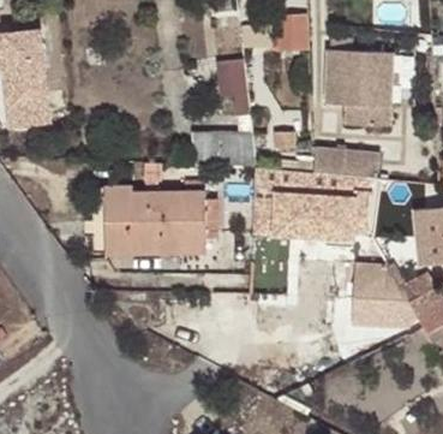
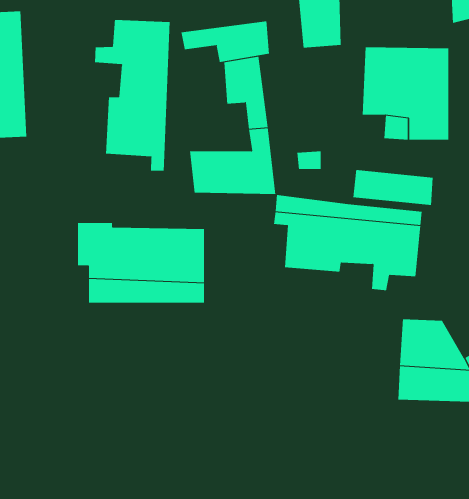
building: none -> [95,19,170,172]
building: none -> [181,20,269,63]
building: [251,189,331,239] -> none

